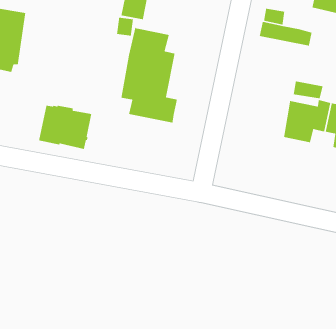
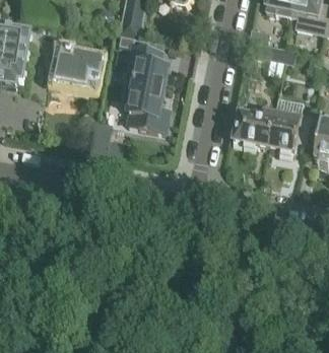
building: none -> [234,104,274,146]
building: [38,105,92,150] -> [54,48,104,89]

